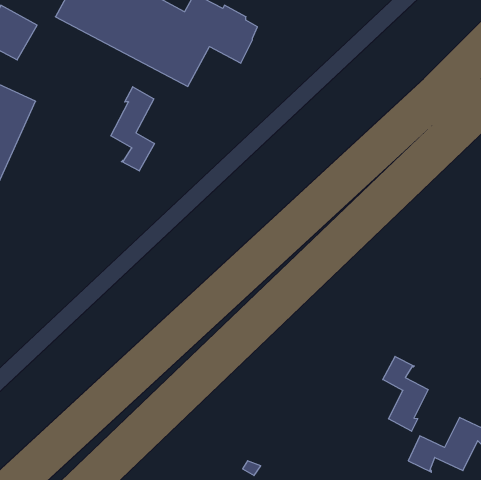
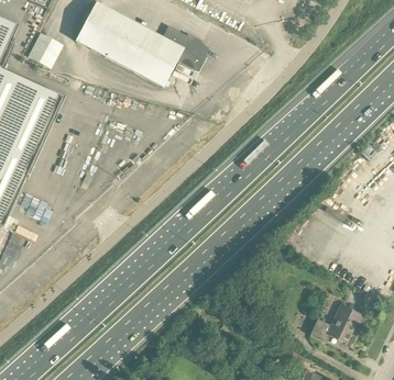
building: [111,87,154,171] -> none
building: [383,356,428,431] -> none

